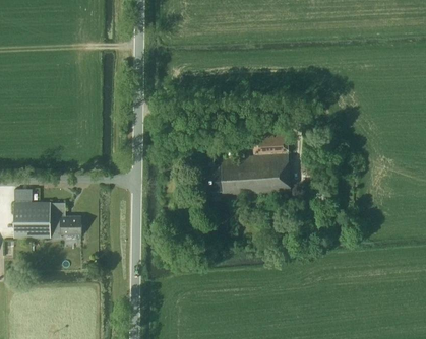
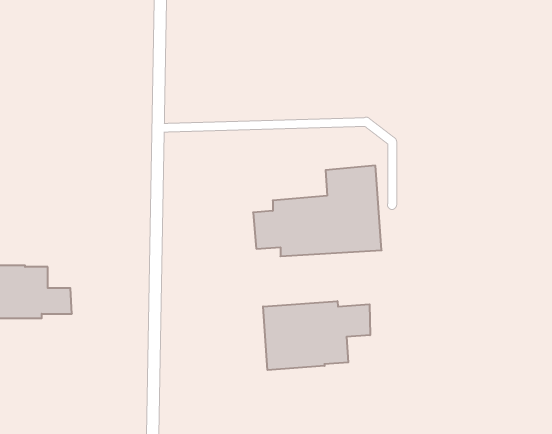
building: none -> [263,301,370,370]

